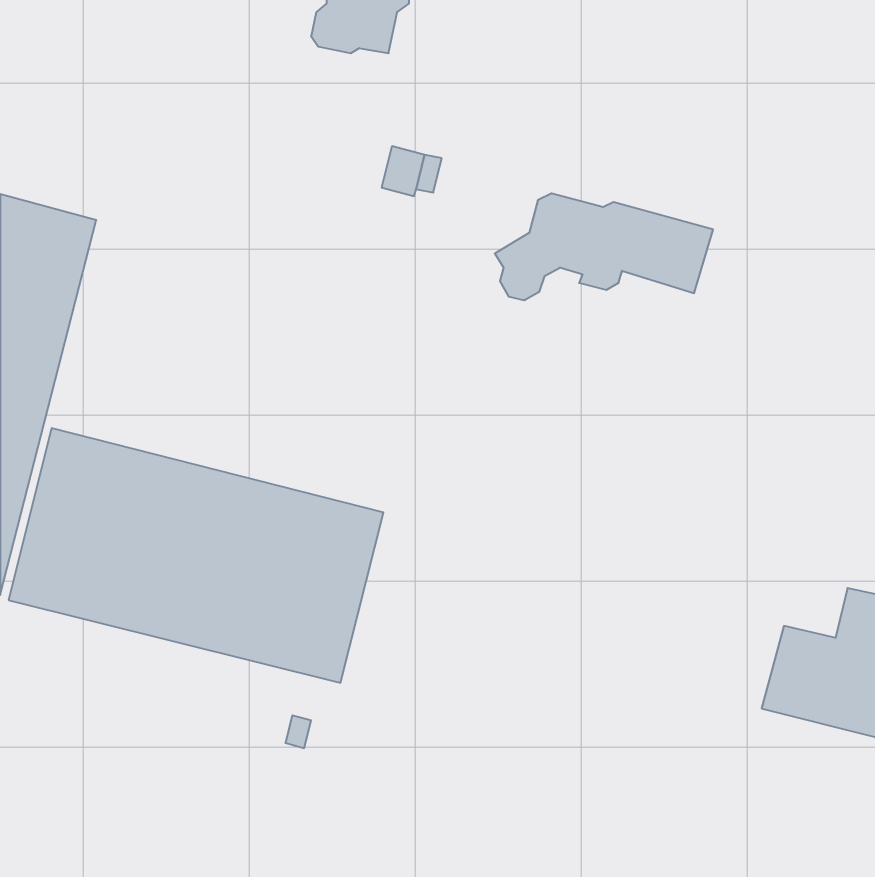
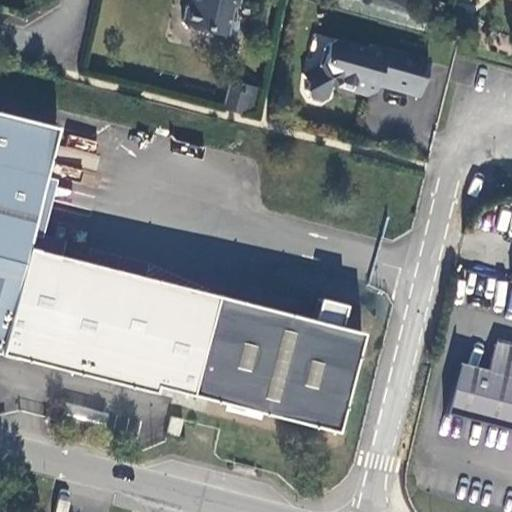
building: [495,193,713,300] -> [303,38,430,100]
building: none -> [200,298,361,431]

